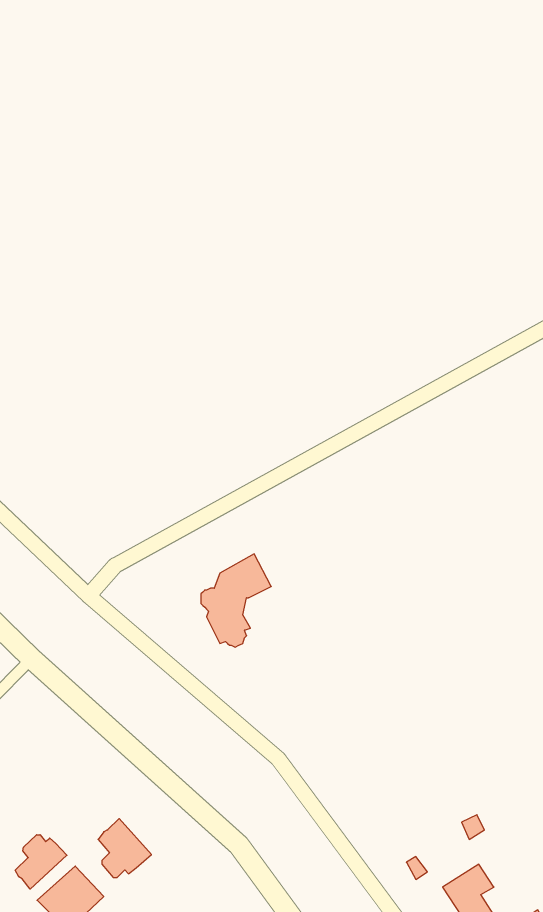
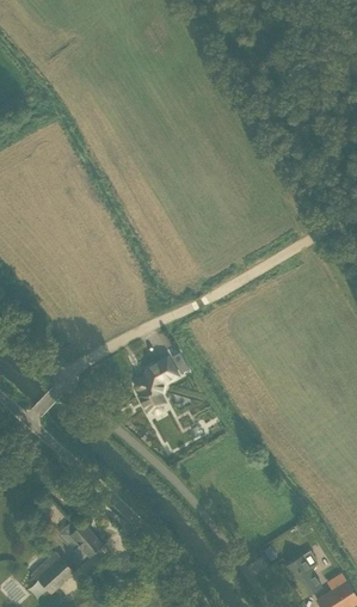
building: [15,835,67,889] -> none

